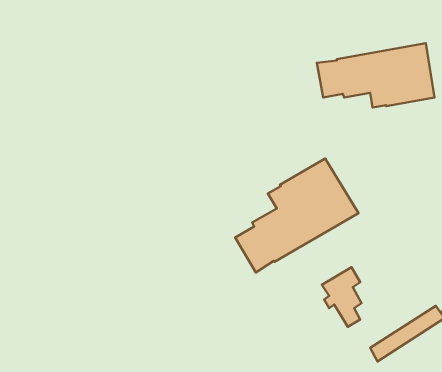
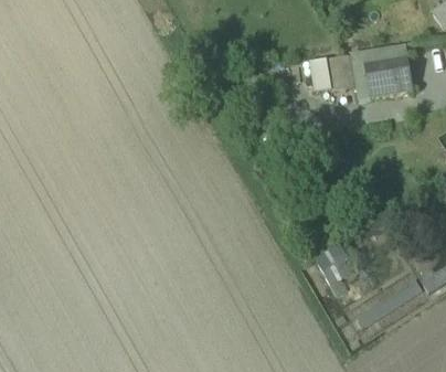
building: [235,158,359,273] -> none

